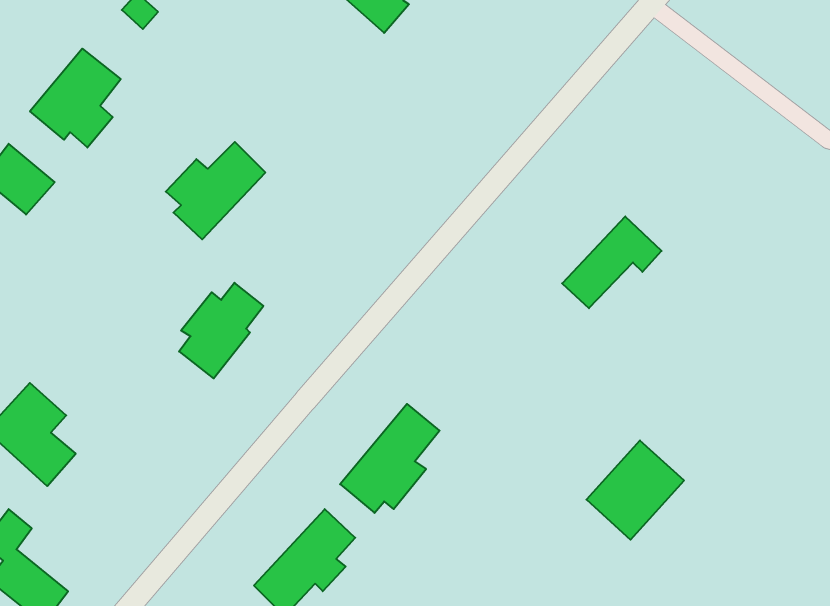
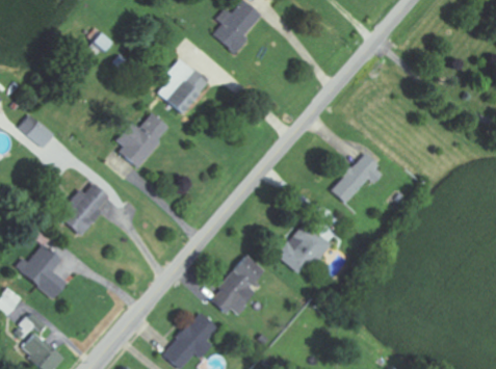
building: none -> [158,58,208,113]
building: [30,49,121,148] -> none
building: [179,283,263,378] -> [61,183,107,235]
building: [586,440,684,540] -> [276,221,329,275]

